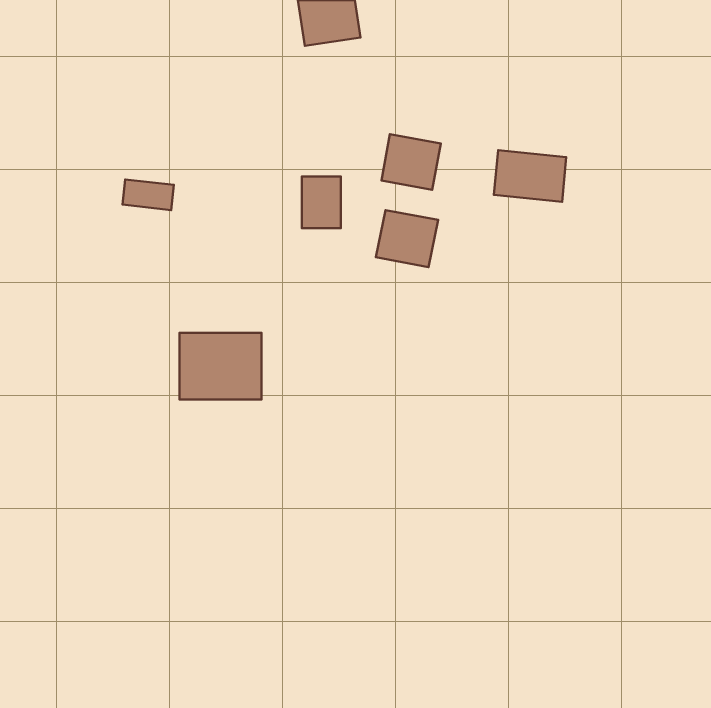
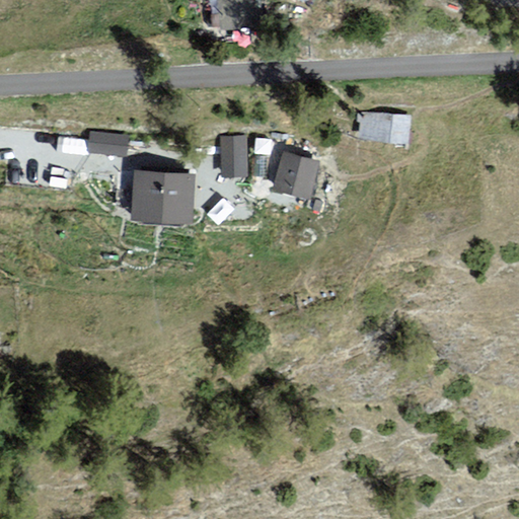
building: [381,134,441,190] -> none
building: [180,333,262,400] -> [131,173,191,222]

